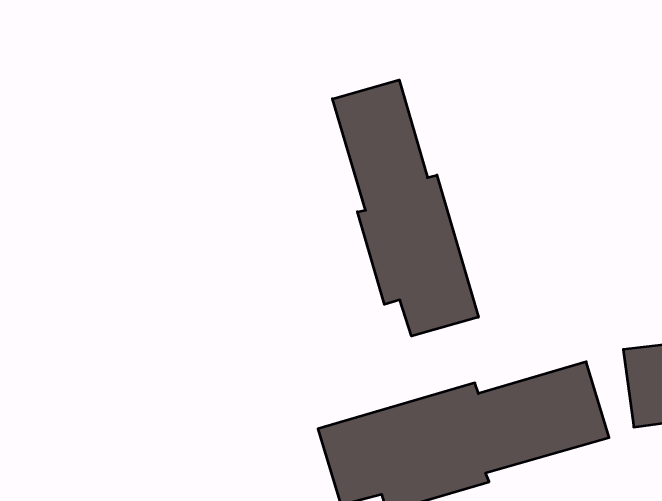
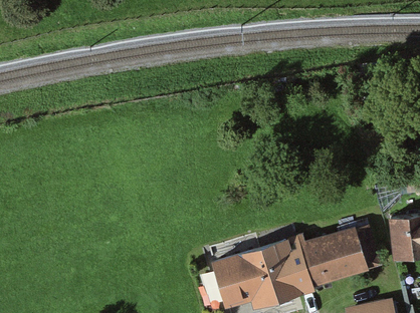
building: [332,80,478,336] -> none

